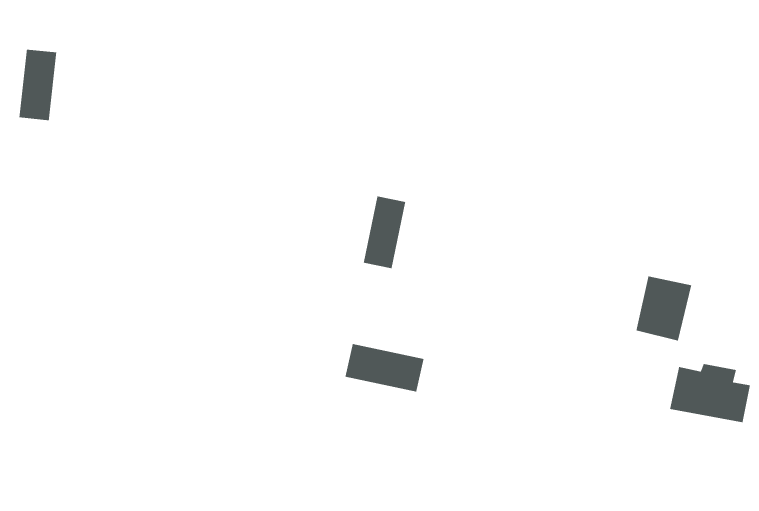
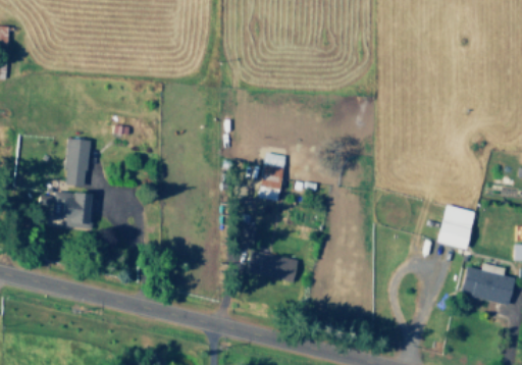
building: [19,49,57,121] -> [64,139,90,187]
building: none -> [52,193,93,229]

